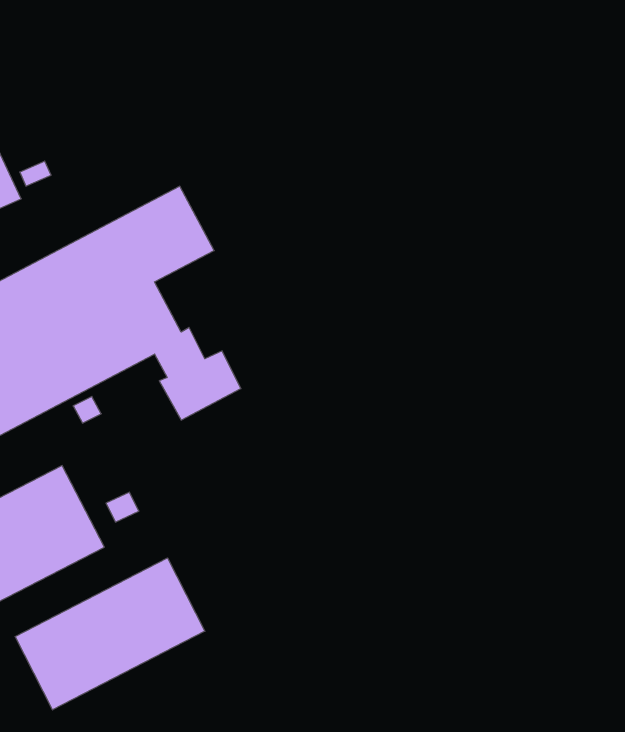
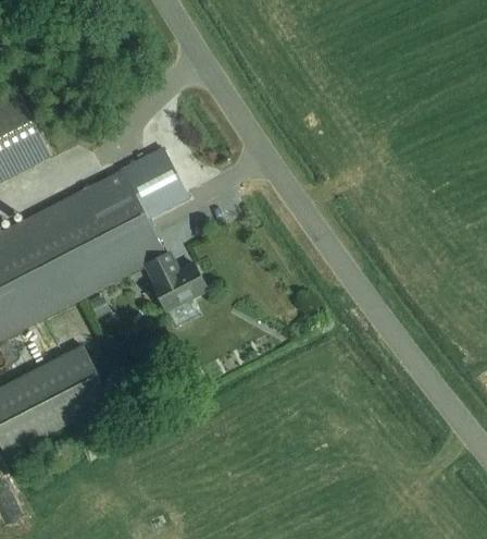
building: [15,558,205,710] -> none

